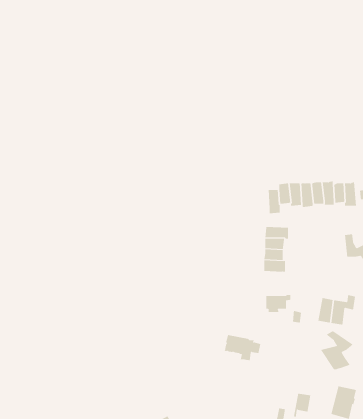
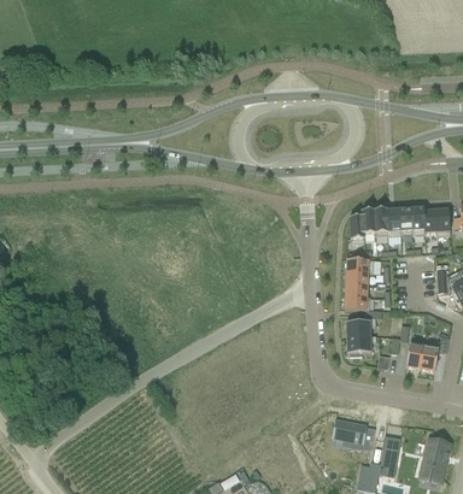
building: none -> [345,310,381,336]
building: [320,330,354,370] -> none
building: [223,334,261,361] -> [330,418,374,448]

